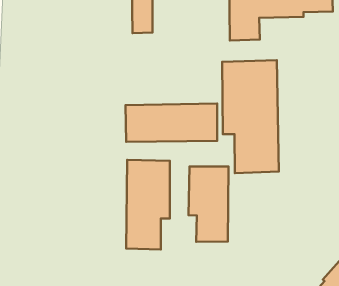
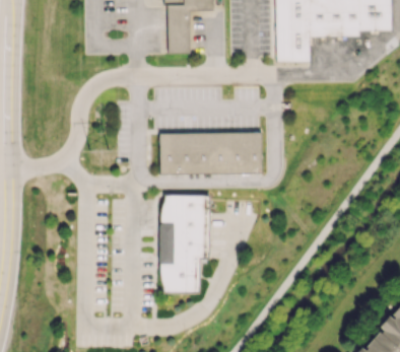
building: [222,60,279,173] -> none
building: [188,166,229,242] -> none

